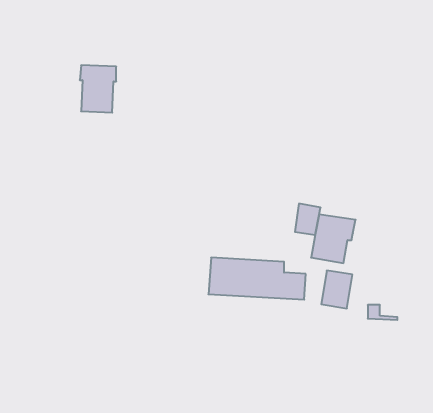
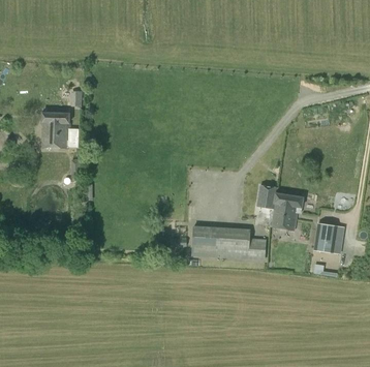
building: [80,65,116,113] -> [41,111,69,147]
building: [321,271,352,308] -> [313,222,337,251]

